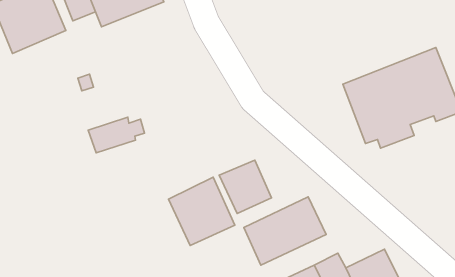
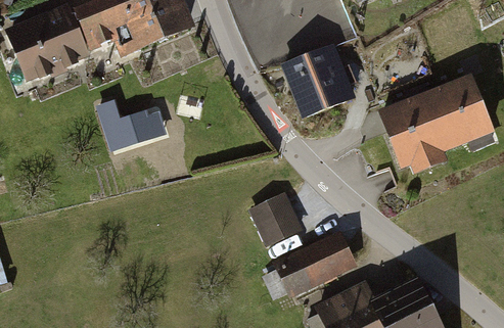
building: none -> [277,43,353,120]
building: [88,117,145,153] -> [104,110,163,147]
building: [169,177,235,246] -> none

